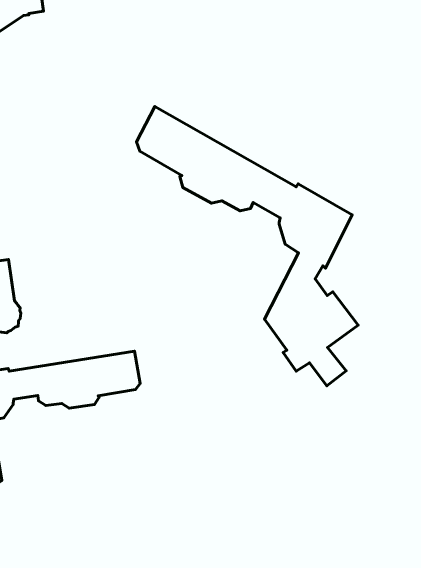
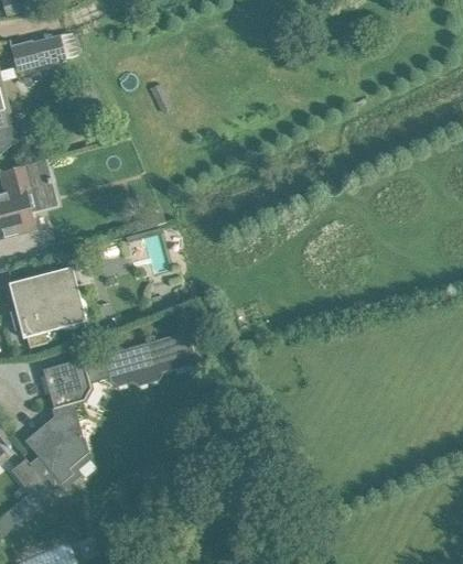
building: [137,106,358,386] -> none

